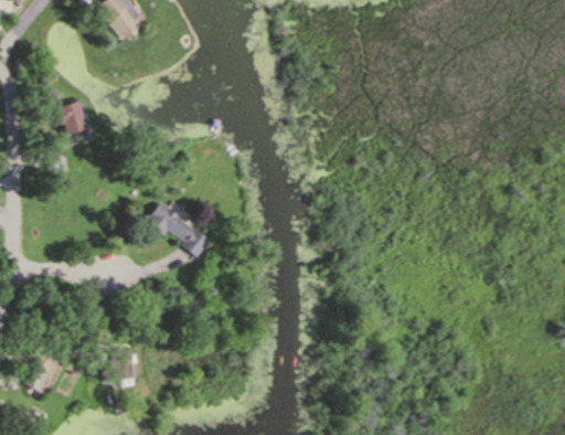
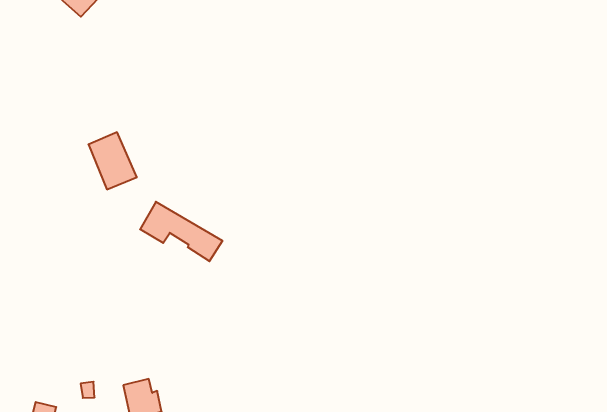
building: [56,97,93,144] -> [88,132,137,189]

